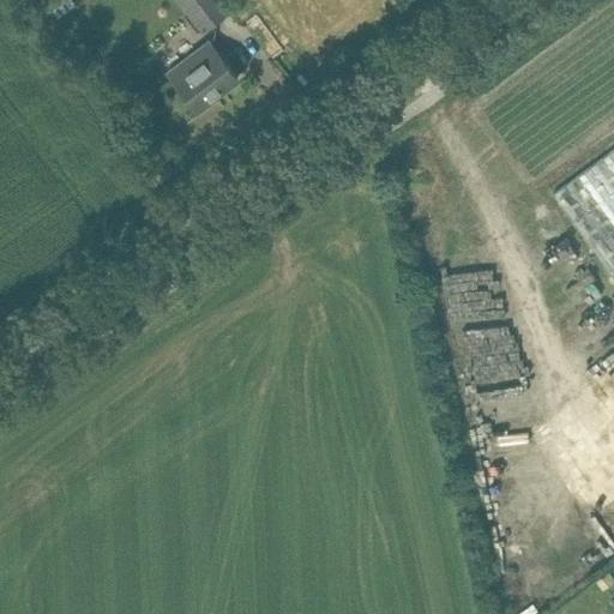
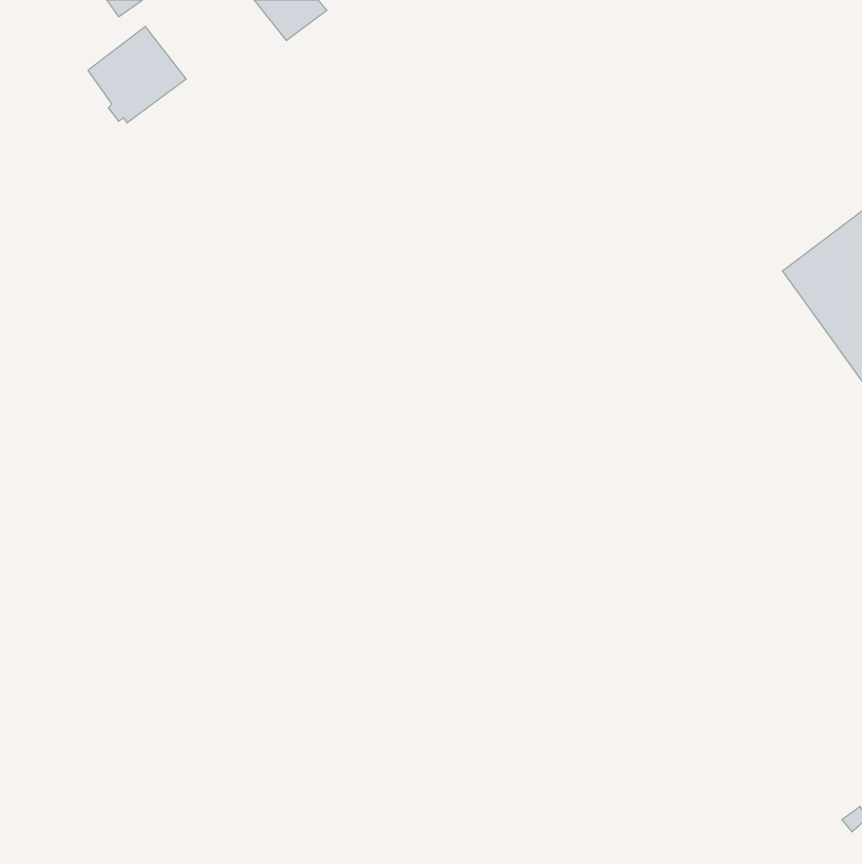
building: [171,41,241,109] -> [88,26,186,123]

